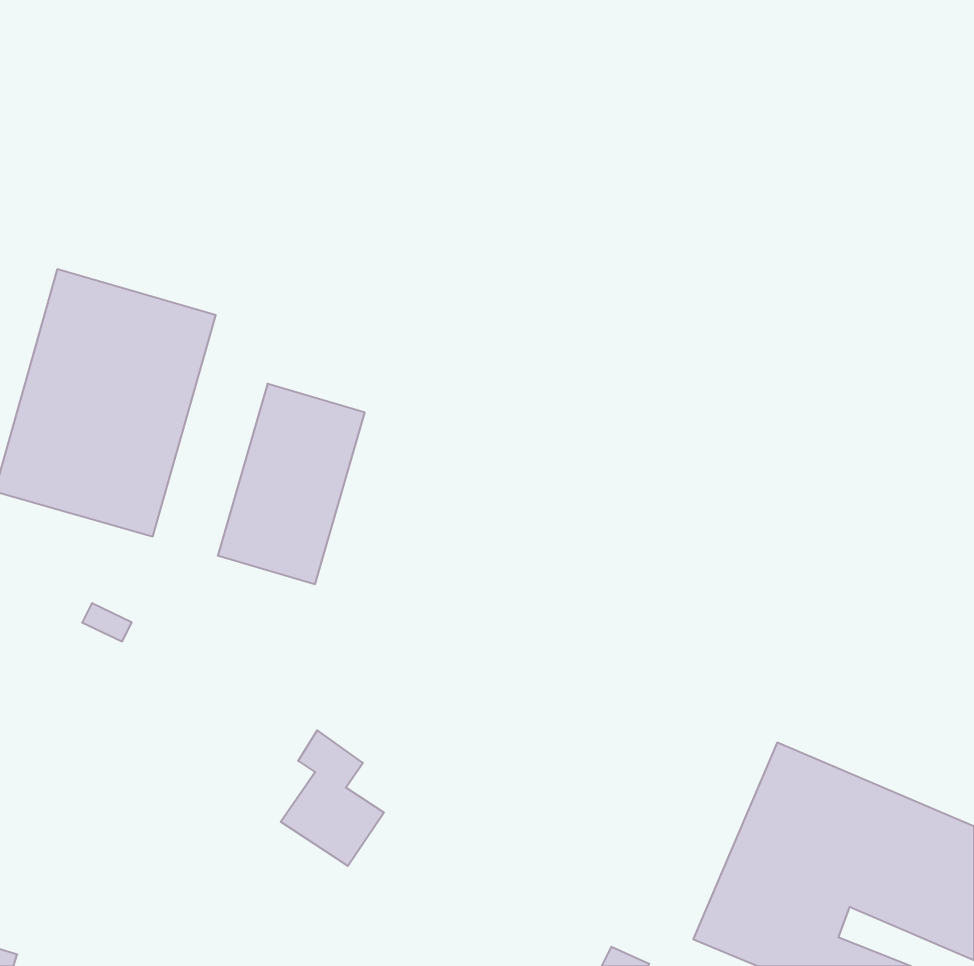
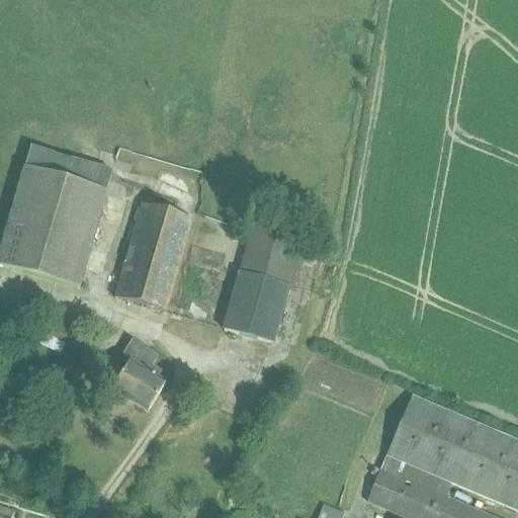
building: none -> [225,227,303,340]
building: [281,730,384,866] -> [110,337,165,409]

